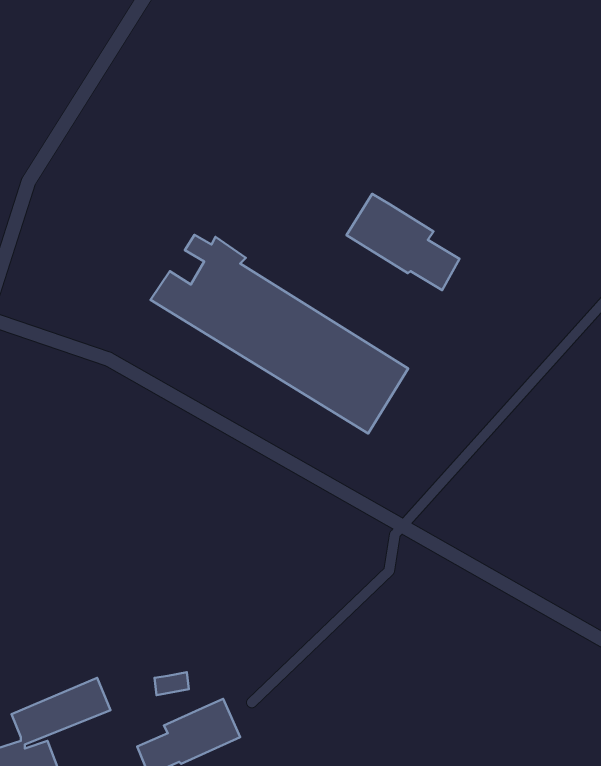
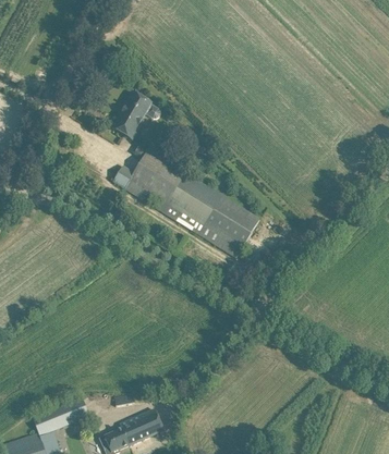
building: none -> [114,90,160,136]
building: [347,194,460,290] -> none

